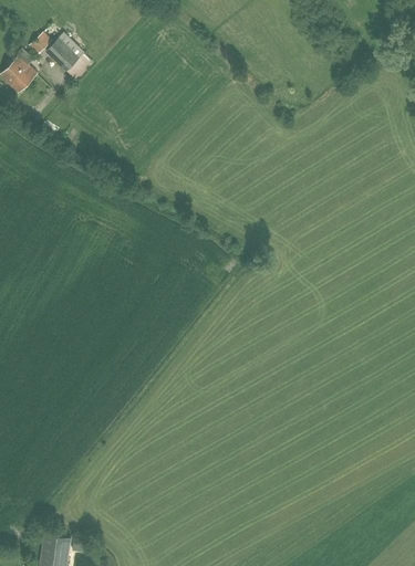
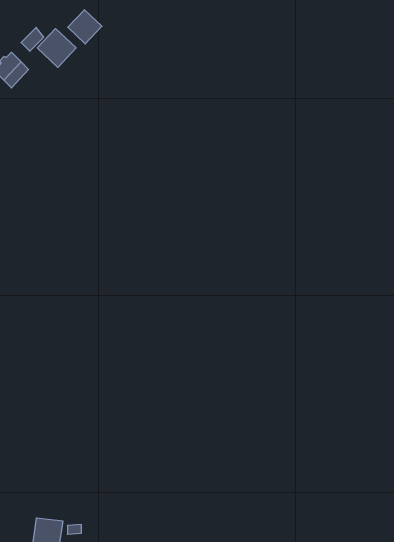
building: none -> [68,10,102,44]

